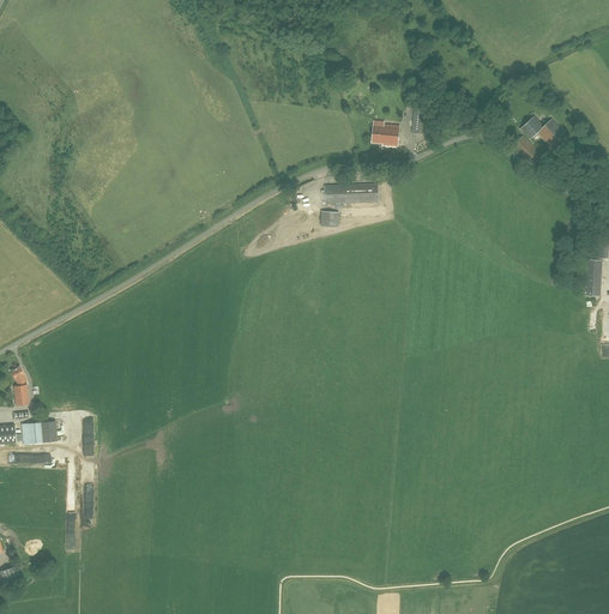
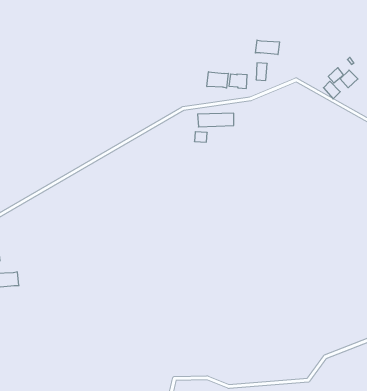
building: none -> [255,40,280,55]
building: none -> [207,72,228,88]

